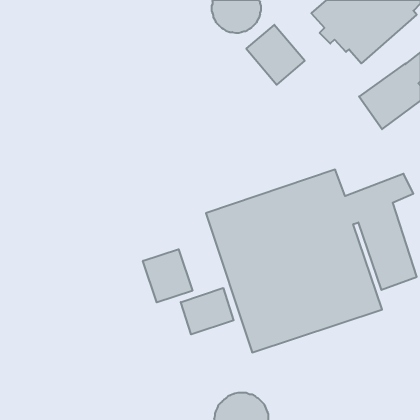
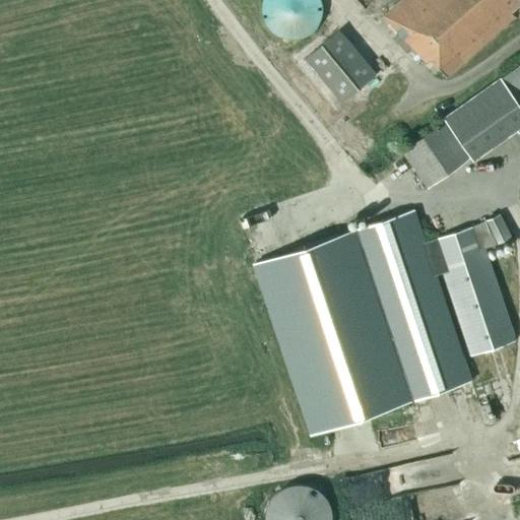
building: none -> [402,124,469,189]
building: [143,249,192,302] -> none
building: [181,288,234,334] -> none

